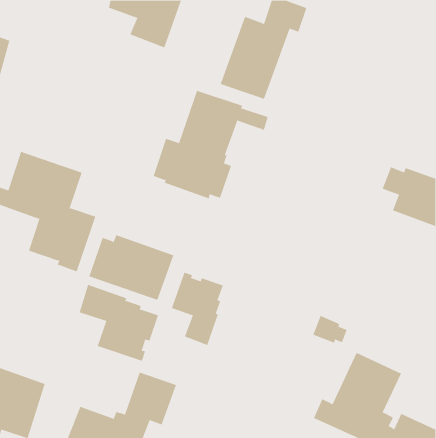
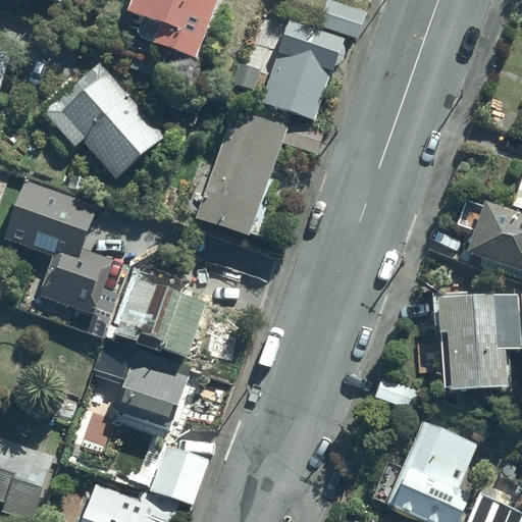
building: none -> [44,63,164,179]
building: none -> [414,294,513,388]
building: [171,272,223,346] -> none

